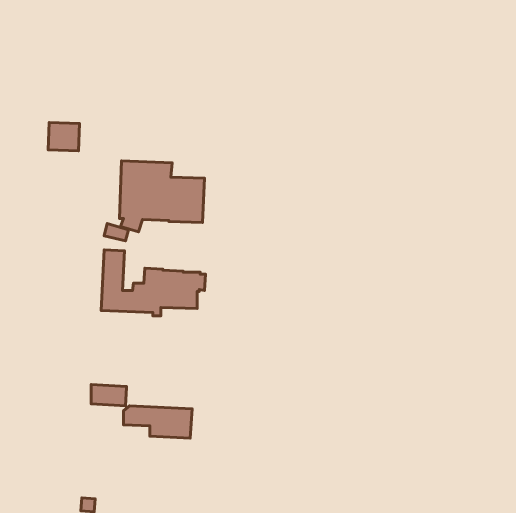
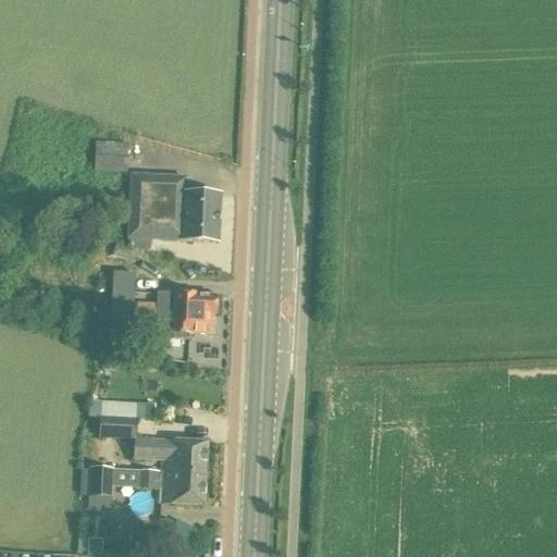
building: [48,122,80,151] -> [95,139,128,170]
building: none -> [88,463,206,503]

